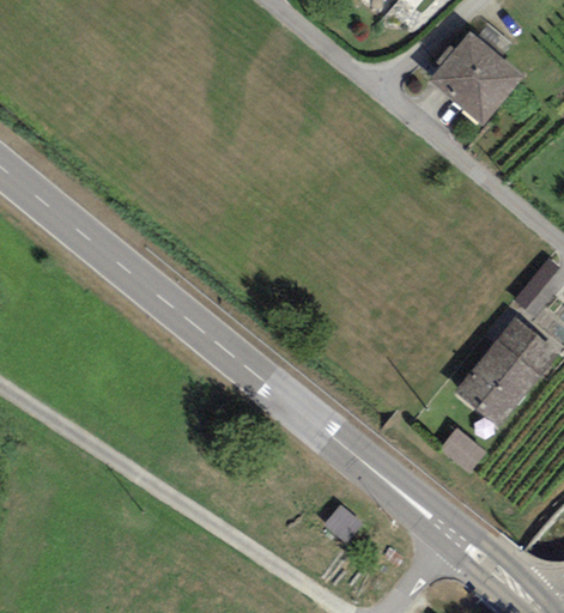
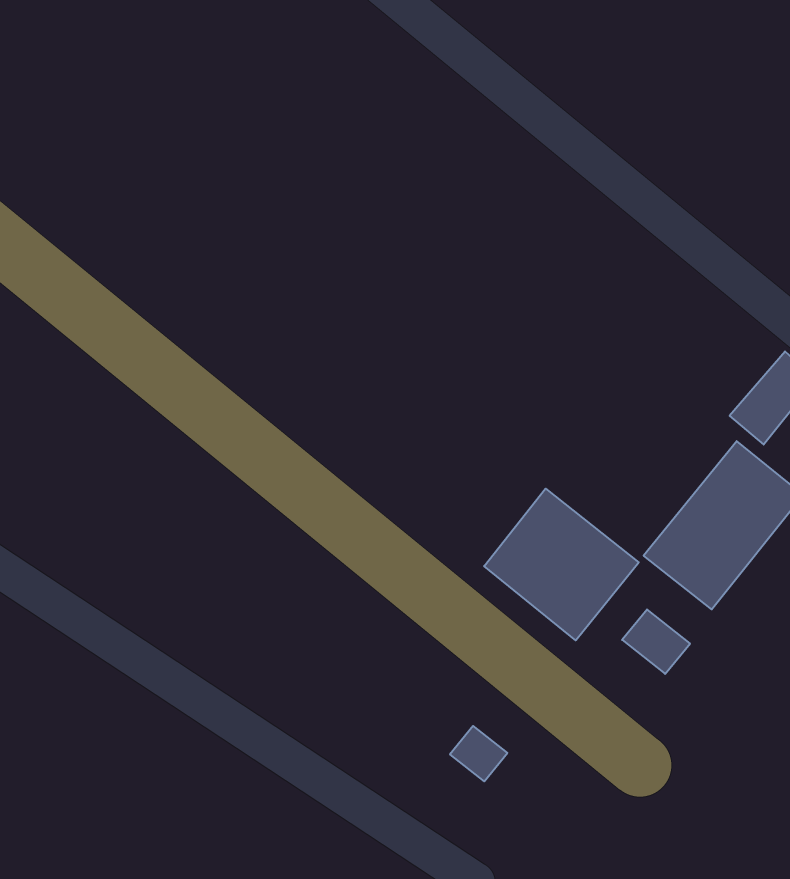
building: [429,30,523,125] -> none
building: none -> [484,489,639,640]

